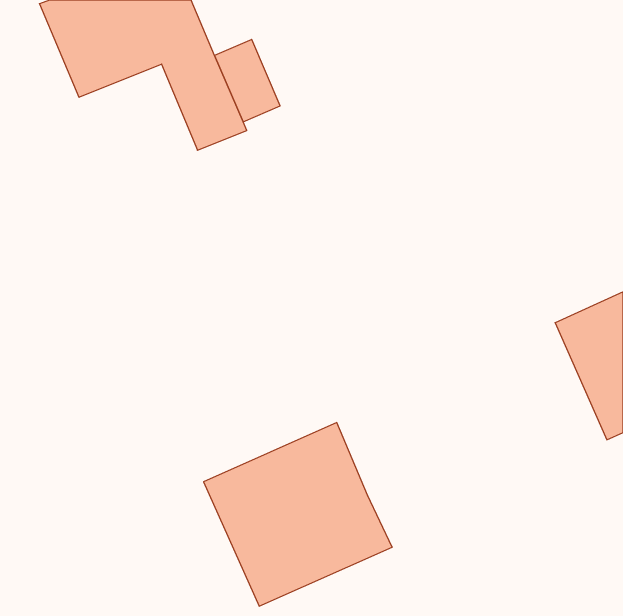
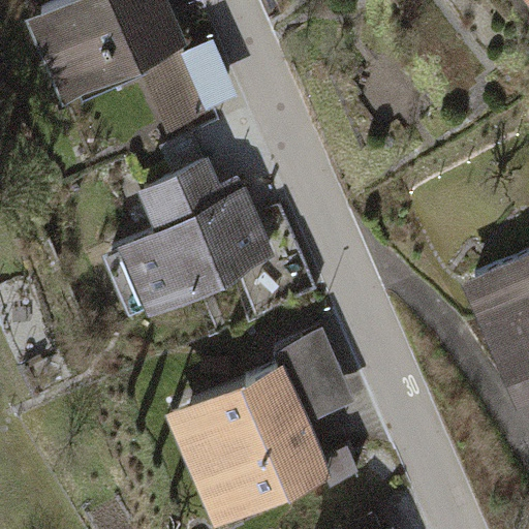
building: none -> [122,162,268,310]
building: none -> [276,334,352,427]

